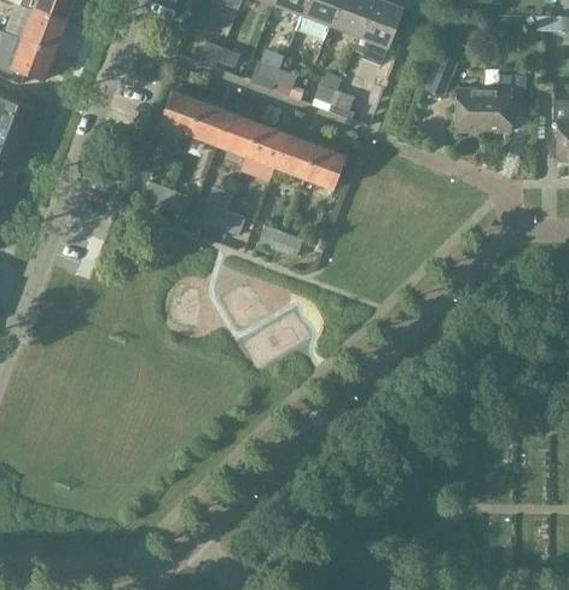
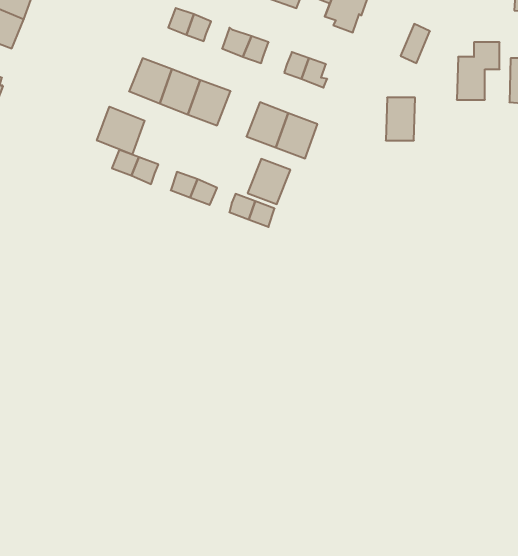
building: [453,88,482,130] -> [386,98,415,140]
building: [244,122,286,167] -> [248,159,290,204]
building: none -> [97,107,145,155]

